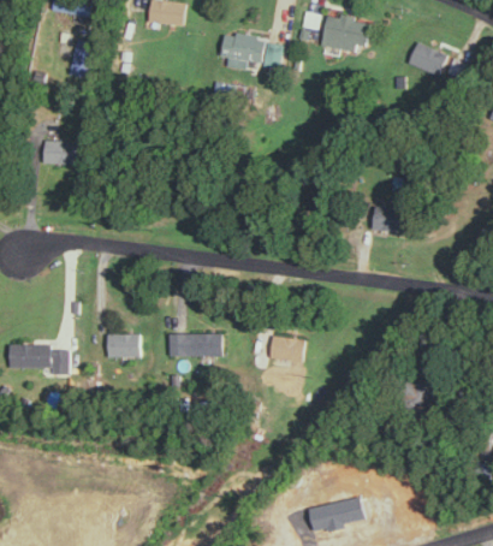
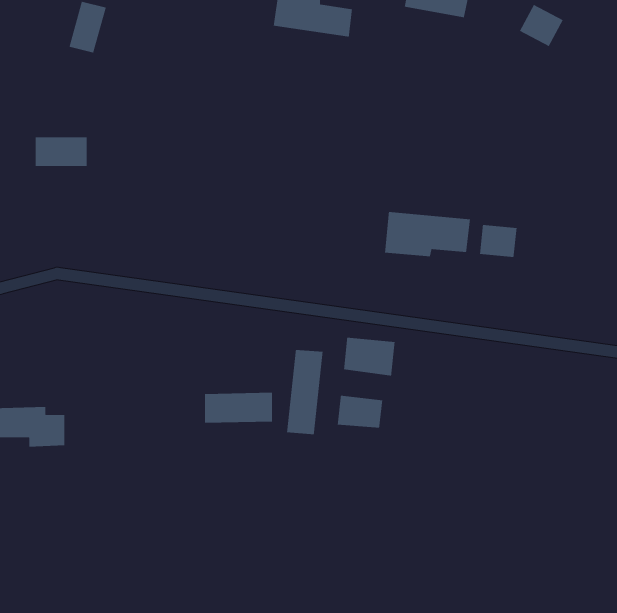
building: none -> [384,211,471,257]
building: none -> [343,337,396,376]
building: none -> [286,349,323,435]
building: [107,333,139,358] -> none

